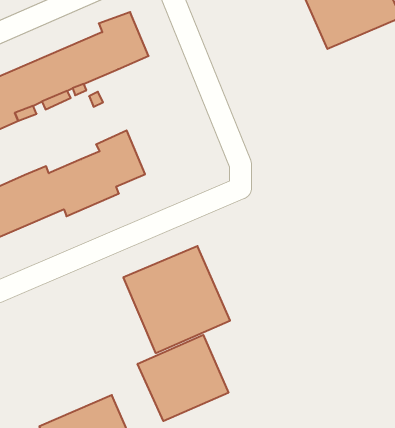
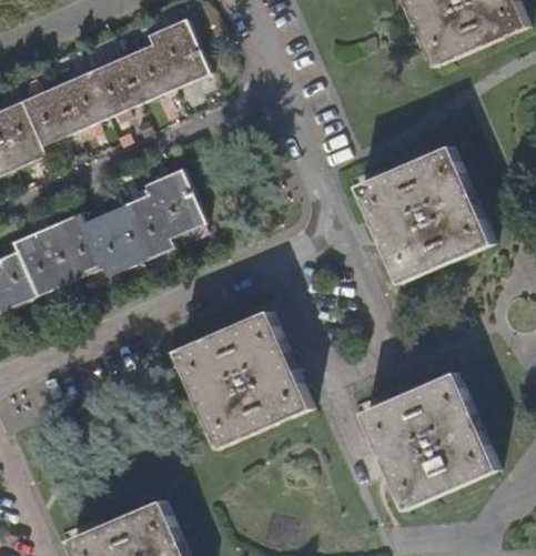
building: none -> [355,145,491,285]
building: none -> [364,374,498,510]
building: [138,335,228,421] -> none

